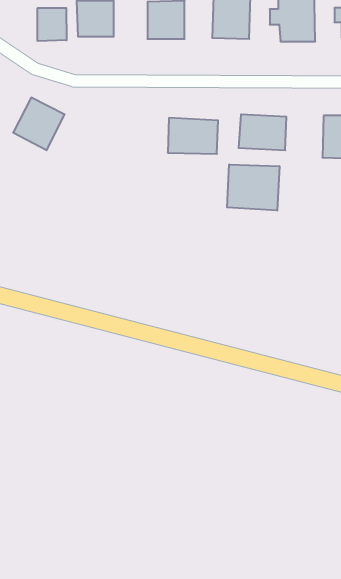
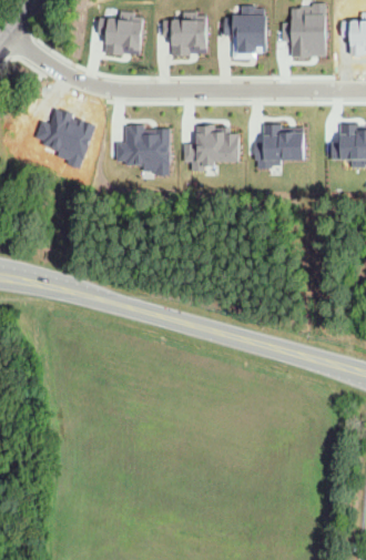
building: [38,8,67,41] -> none
building: none -> [125,129,173,169]
building: [227,164,279,211] -> none

